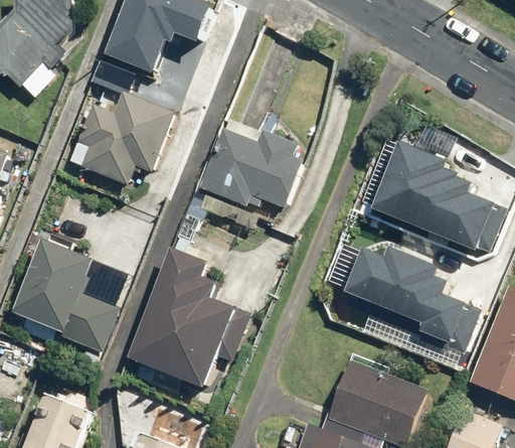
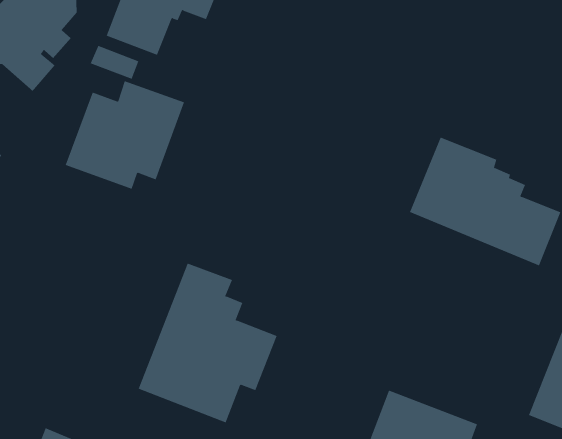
building: [200,129,306,209] -> none
building: [15,241,122,354] -> none
building: [342,244,476,349] -> none

